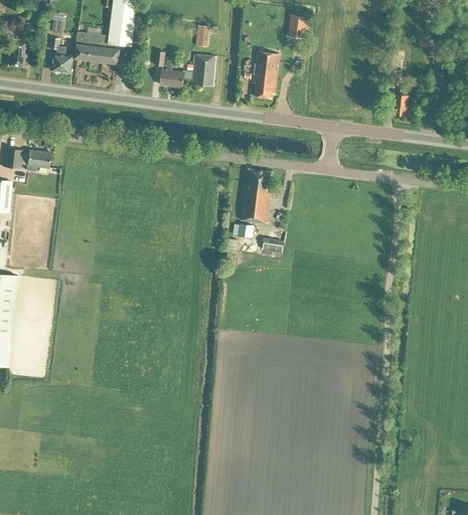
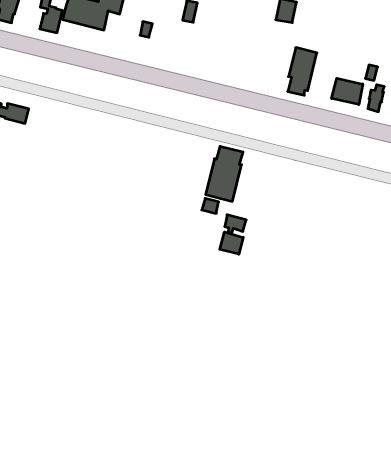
building: [253,50,279,98] -> [288,48,317,95]
building: [159,53,215,87] -> none
building: none -> [332,78,363,105]
building: none -> [220,232,243,254]

